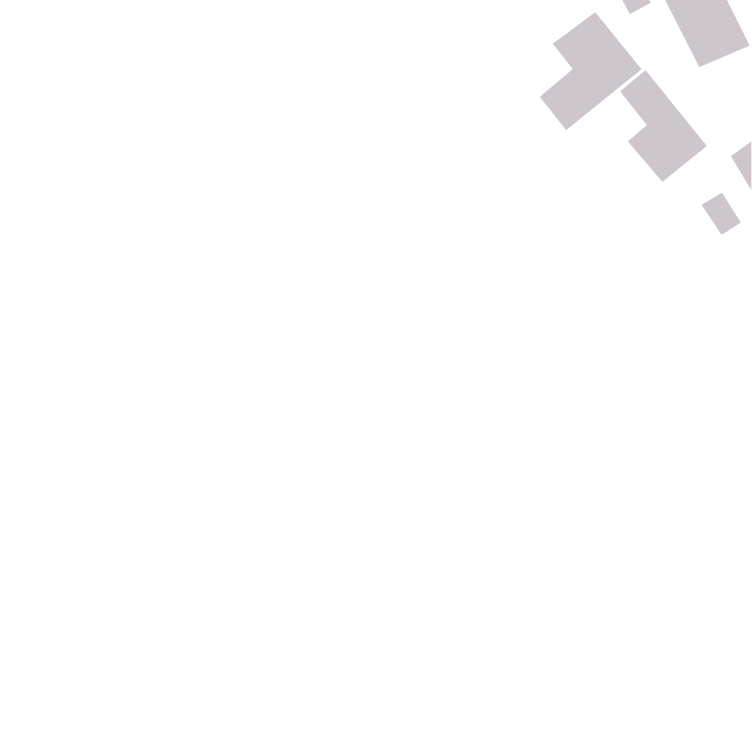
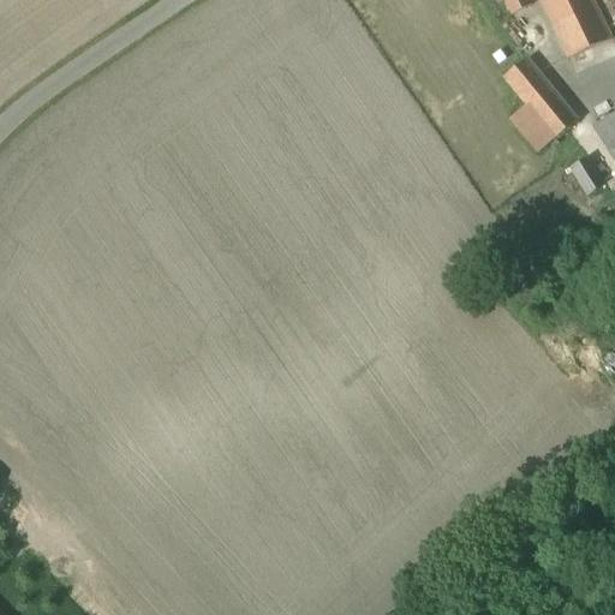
building: [539,11,642,131] -> none

